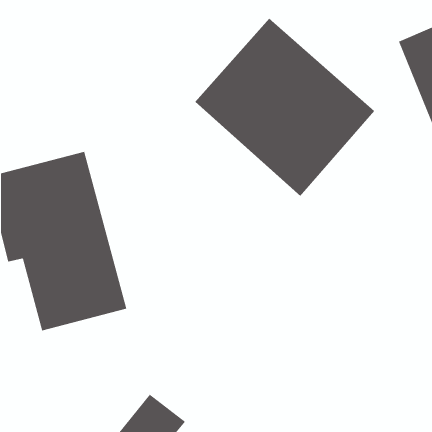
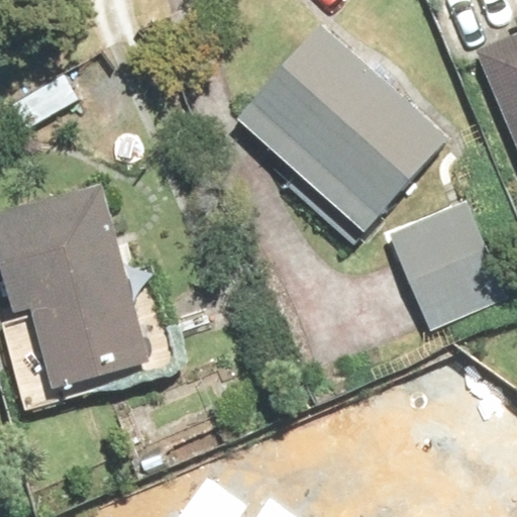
building: none -> [392,204,506,333]

